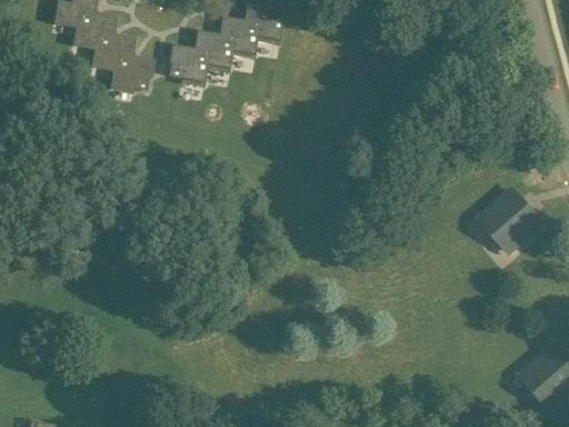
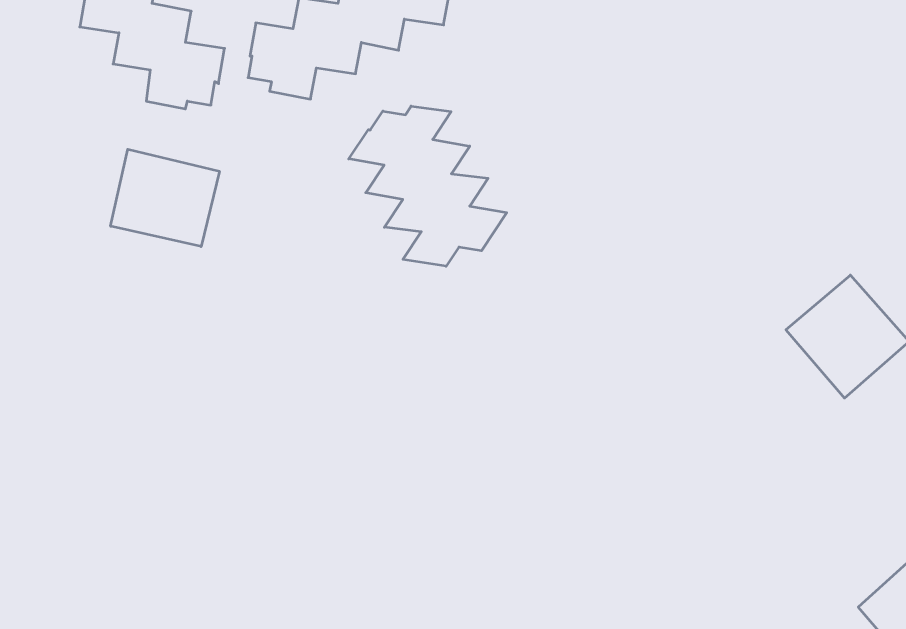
building: none -> [349,106,507,266]
building: none -> [111,149,219,247]

